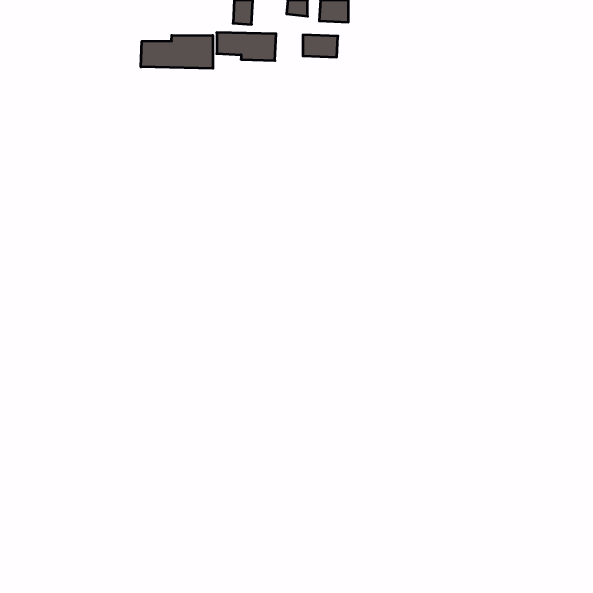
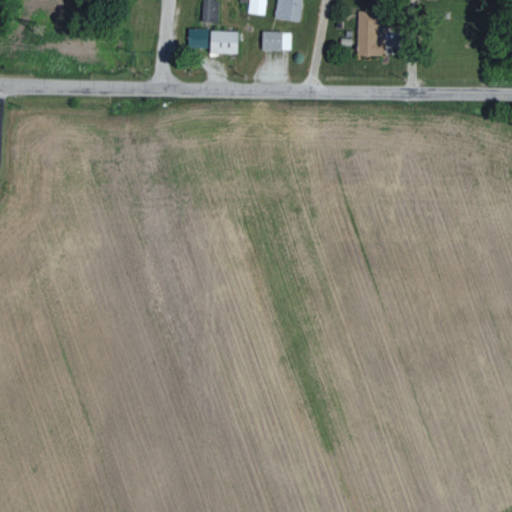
building: none -> [357,12,385,57]
building: [141,35,213,68] -> none

